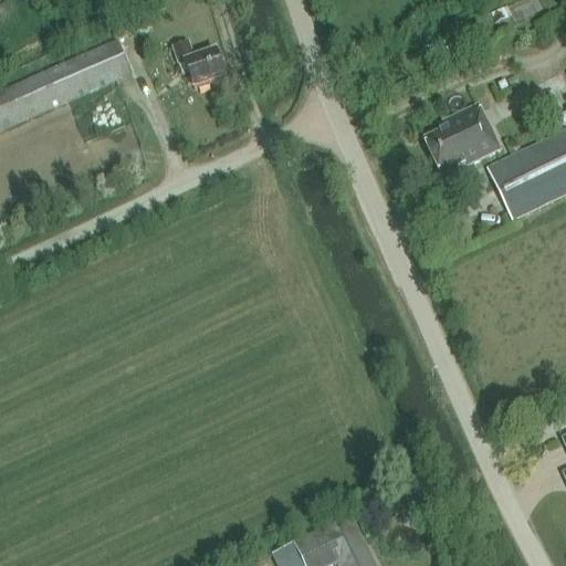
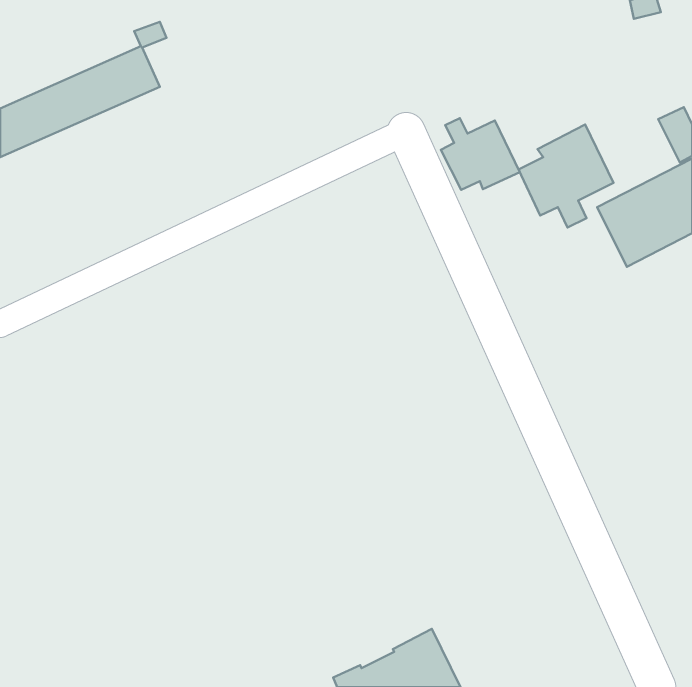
building: [172,40,226,88] -> none
building: none -> [441,118,520,190]

